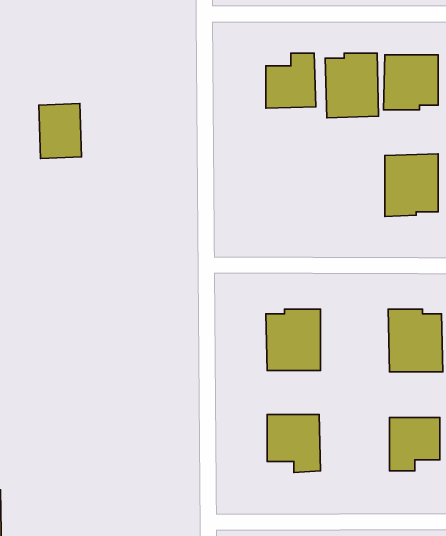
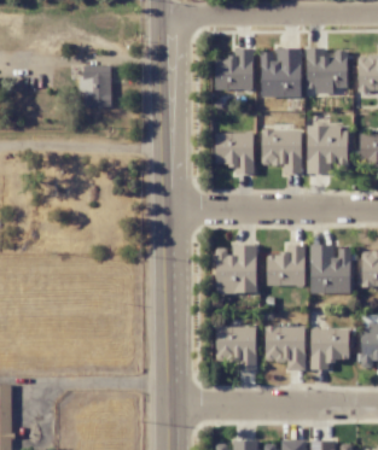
building: [39,103,81,158] -> [80,65,112,107]
building: none -> [261,129,302,174]
building: none -> [215,132,255,174]
building: none -> [267,245,306,286]
building: none -> [266,327,306,370]

